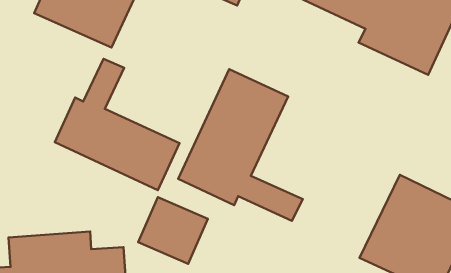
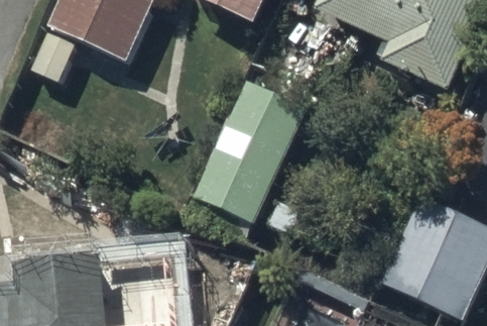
building: [55,59,180,190] -> none

